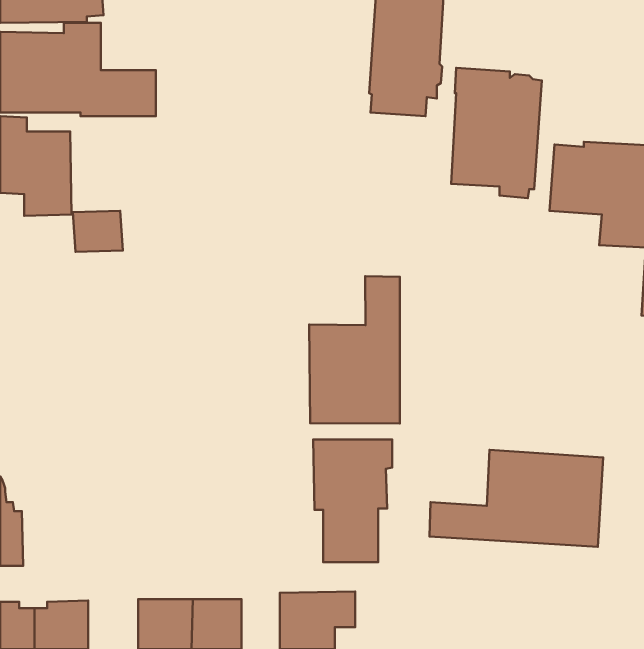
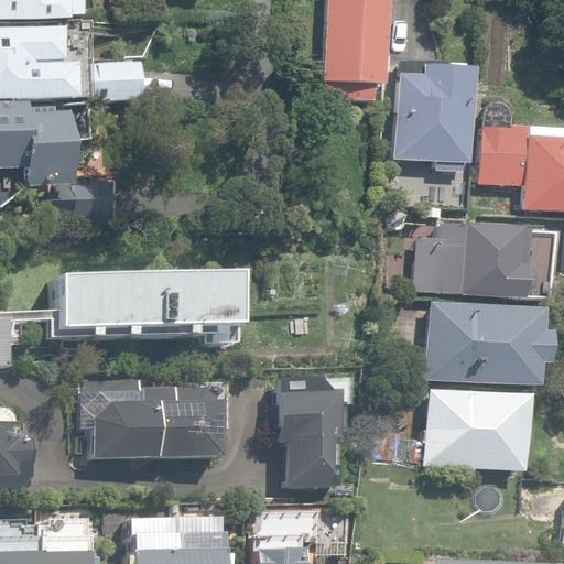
building: none -> [413,226,531,299]
building: [309,276,400,423] -> none
building: none -> [56,279,232,345]
building: none -> [417,302,547,387]
building: none -> [79,380,230,457]

